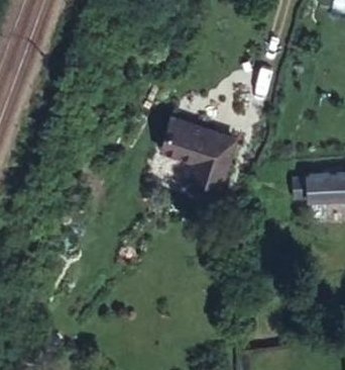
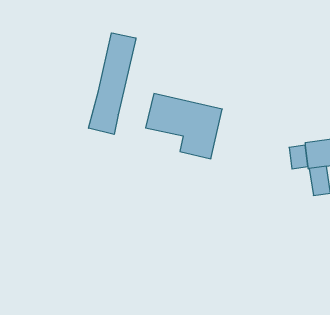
building: none -> [89,33,136,134]

